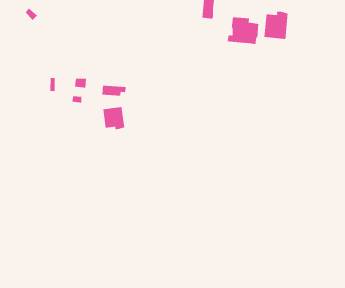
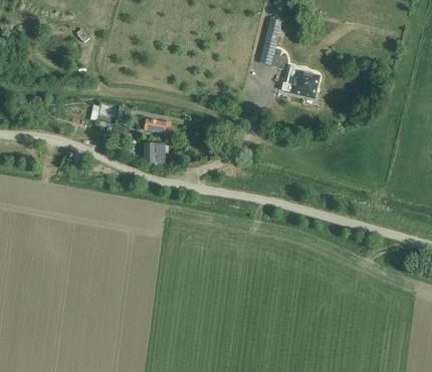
building: [264,11,288,40] -> none

